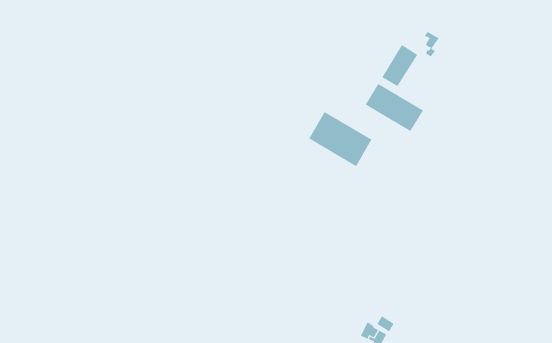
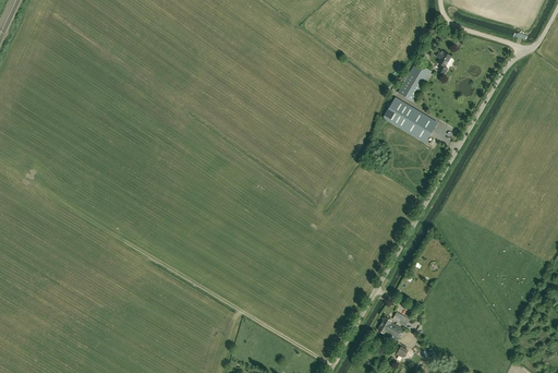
building: [308,111,372,167] -> none

